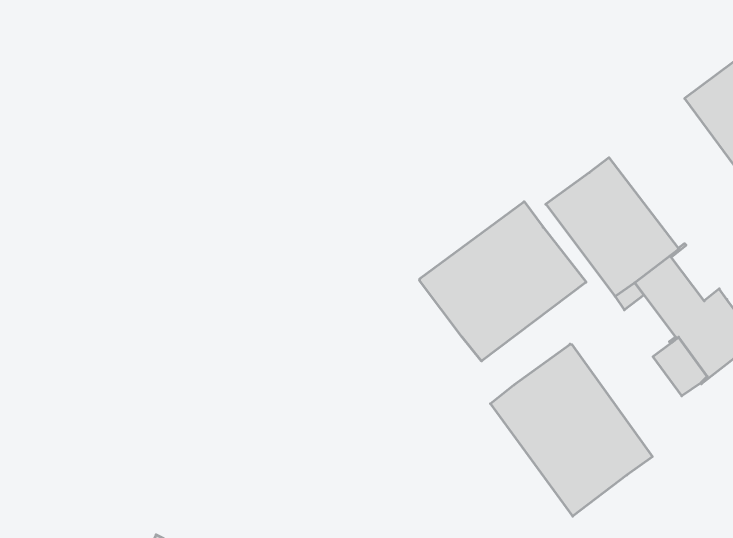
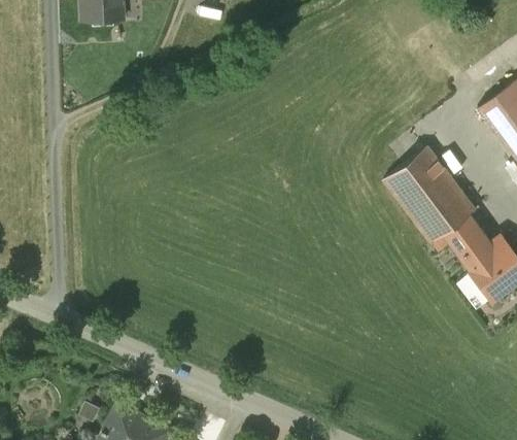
building: [420,202,586,361] -> none
building: [490,344,652,516] -> none

